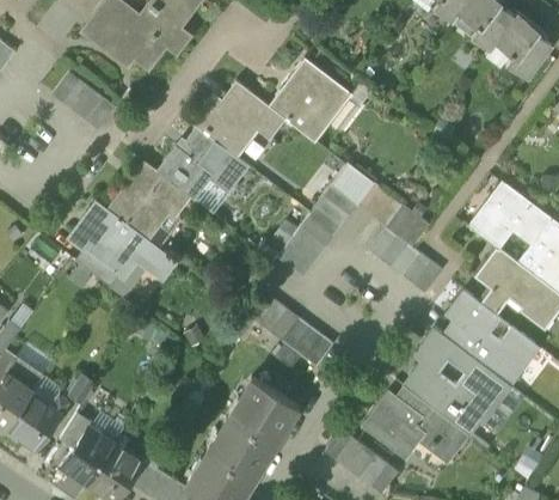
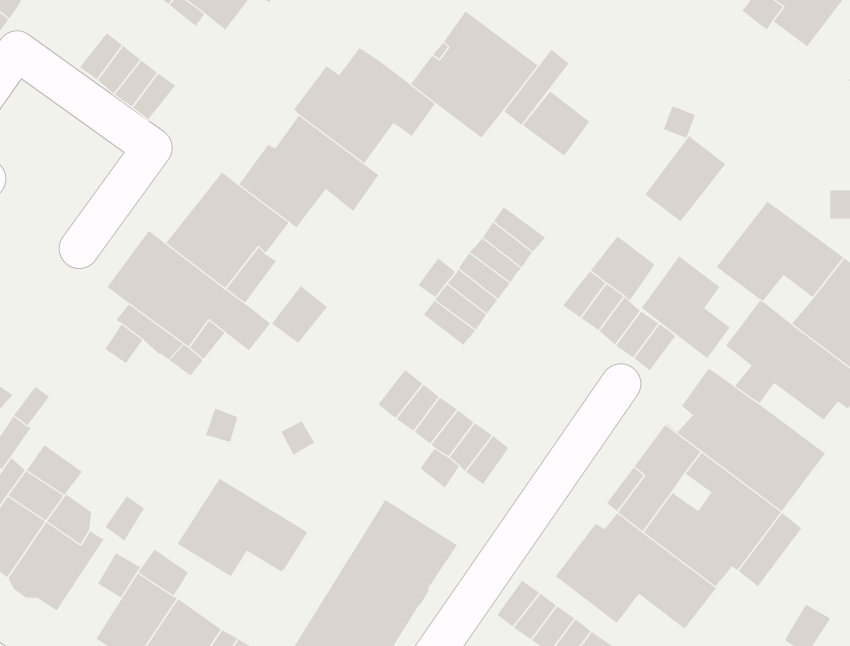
building: none -> [644,135,726,222]
building: [330,163,374,206] -> [522,91,590,156]
building: [195,175,232,213] -> [271,285,328,344]
building: none -> [641,256,731,359]
building: none -> [177,478,308,577]

